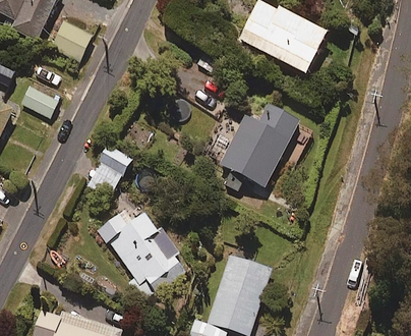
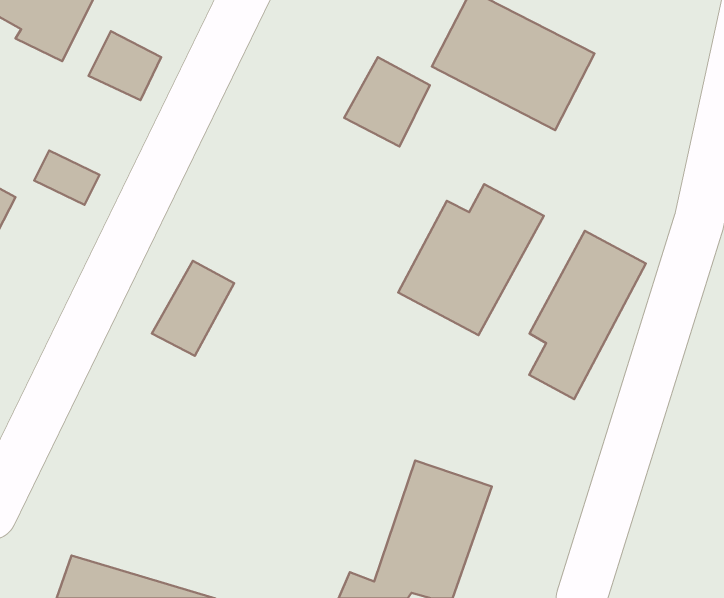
building: none -> [344,57,430,146]
building: none -> [529,231,646,399]
building: [99,210,184,300] -> none

